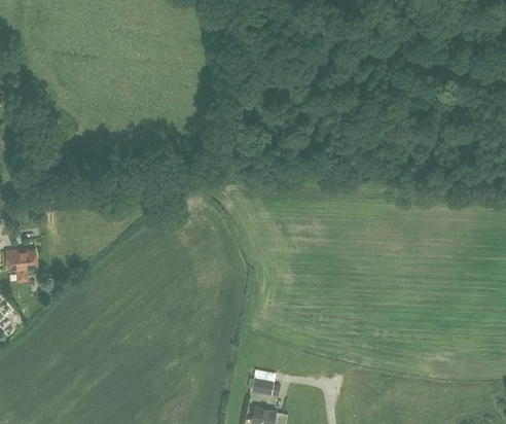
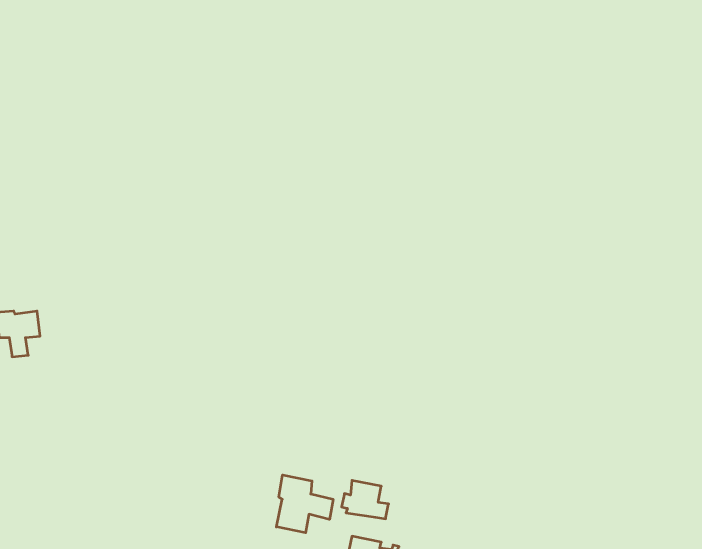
building: none -> [276,475,333,533]

